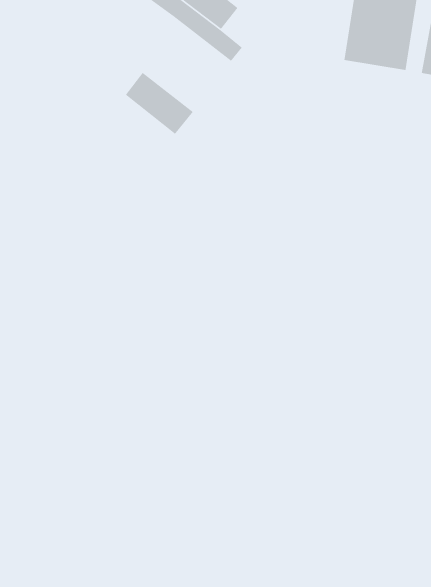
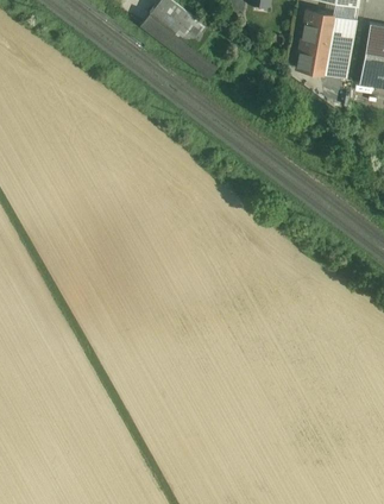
building: [125,72,194,135] -> none

